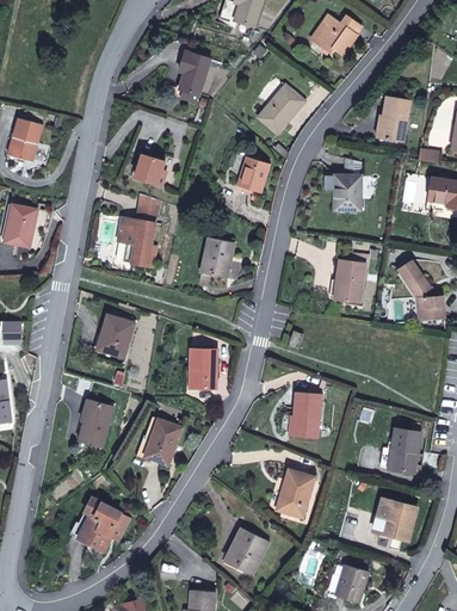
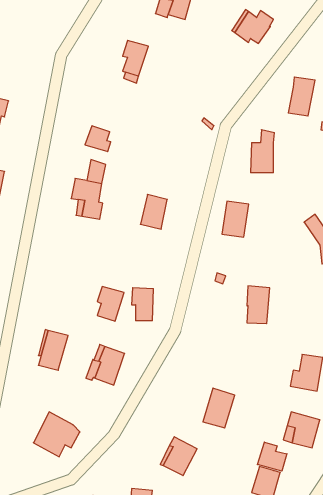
building: [258,85,304,134] -> none
building: [236,156,270,192] -> none
building: [333,259,365,302] -> [222,201,249,237]
building: [101,315,134,357] -> [97,287,124,321]
building: [294,391,321,437] -> [247,286,270,324]
building: none -> [257,442,287,471]

